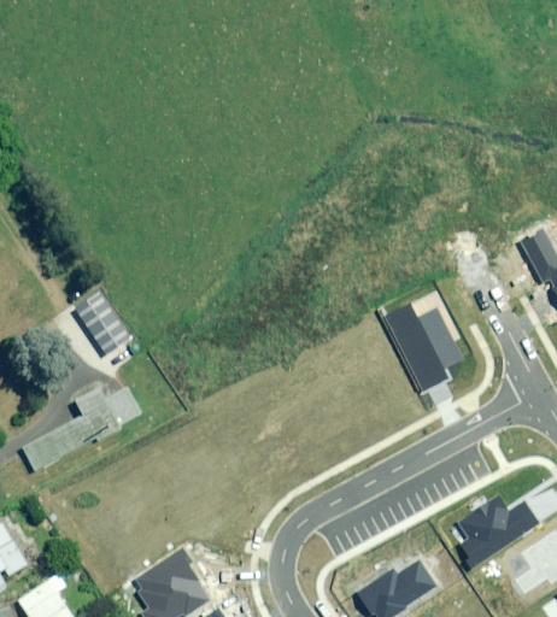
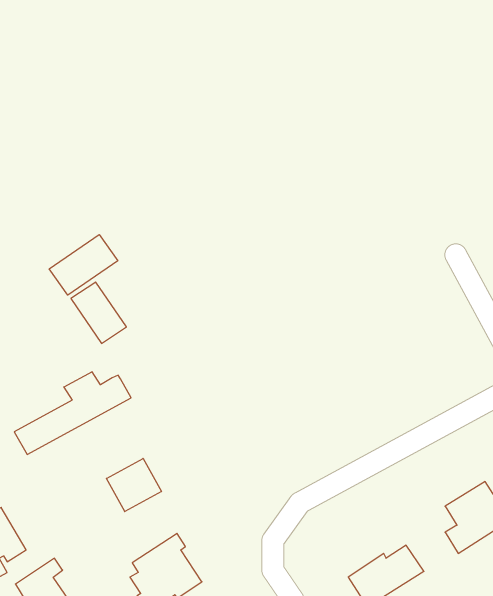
building: none -> [49,235,118,295]
building: [387,304,461,392] -> none
building: none -> [106,458,161,512]

